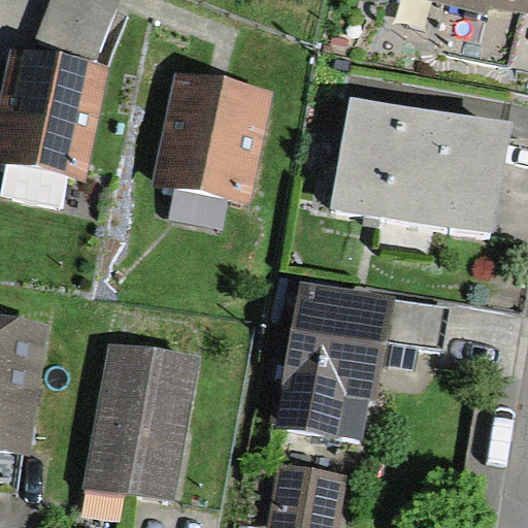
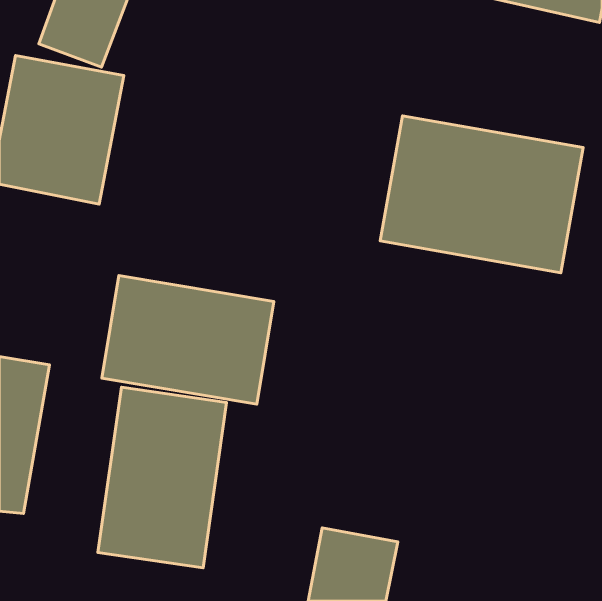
building: [160,72,265,195] -> none
building: none -> [102,276,274,404]
building: [276,283,446,438] -> none

